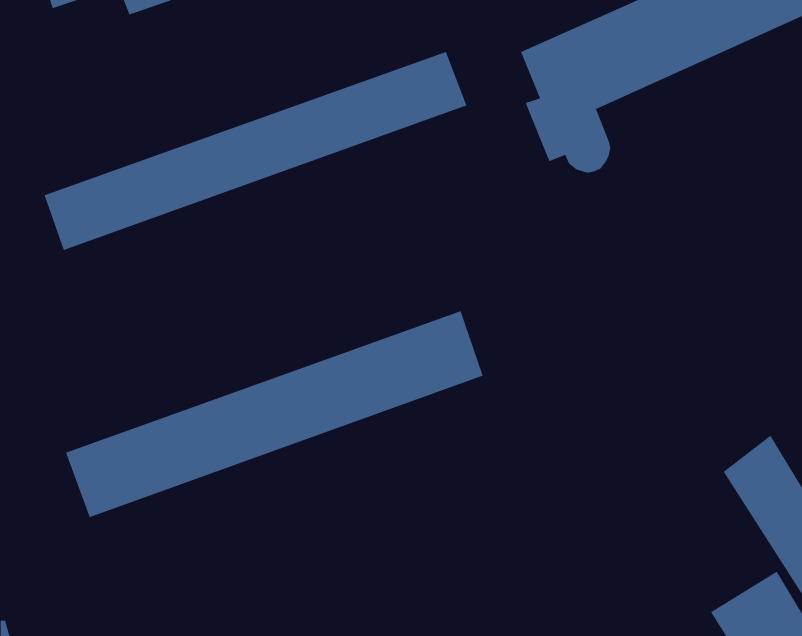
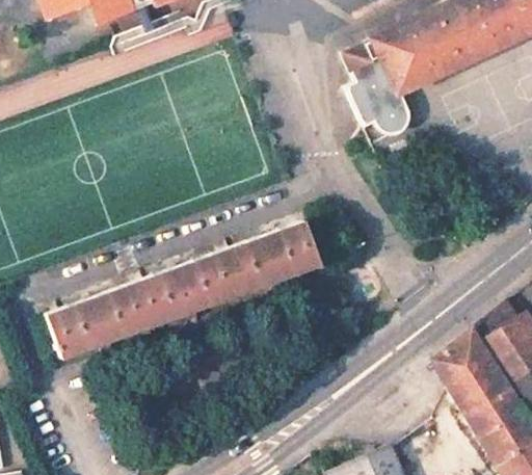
building: [44,51,467,251] -> none
building: none -> [434,331,513,419]

